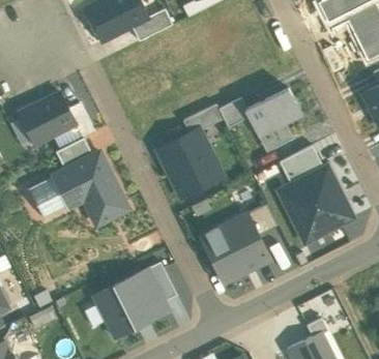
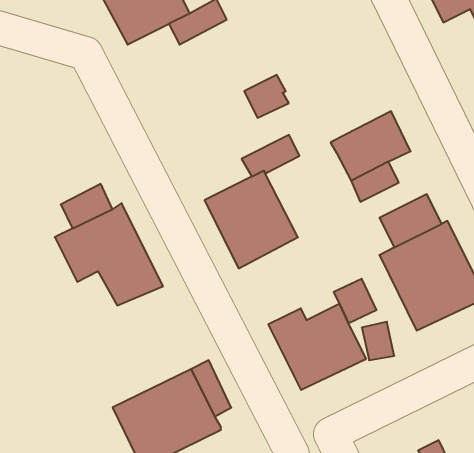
building: [20,93,76,143] -> none
building: [218,97,250,127] -> [244,75,289,118]
building: [29,176,68,218] -> none

